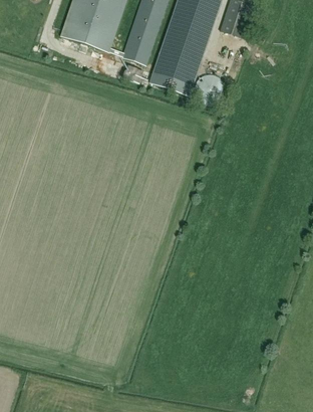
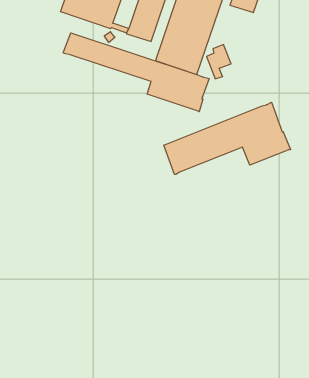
building: none -> [63,33,209,112]
building: none -> [164,102,291,174]

